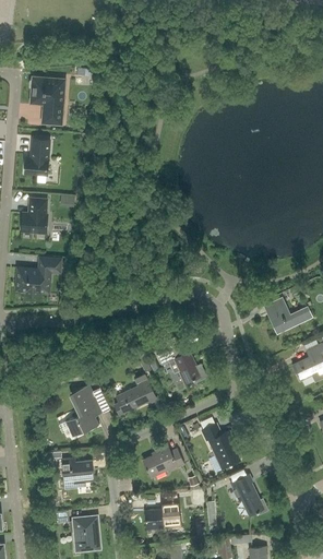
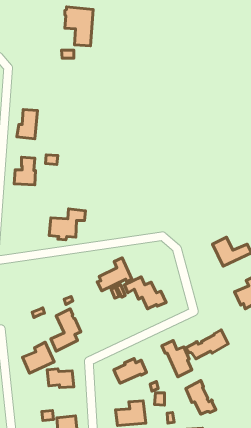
building: [29,78,64,126] -> [65,7,93,46]
building: [15,258,60,296] -> [49,209,86,240]
building: [113,374,156,415] -> [97,258,132,291]
building: none -> [186,330,228,359]
building: none -> [22,342,54,373]

